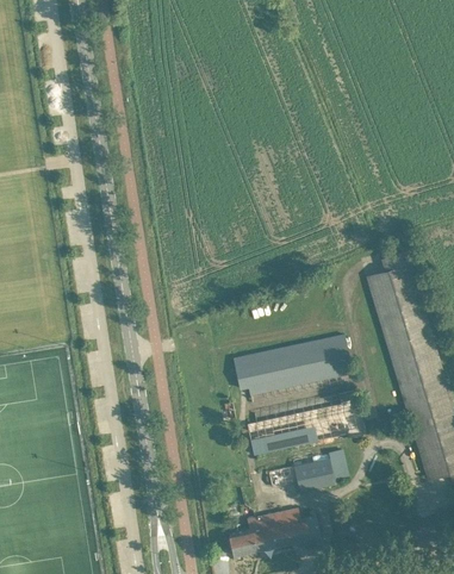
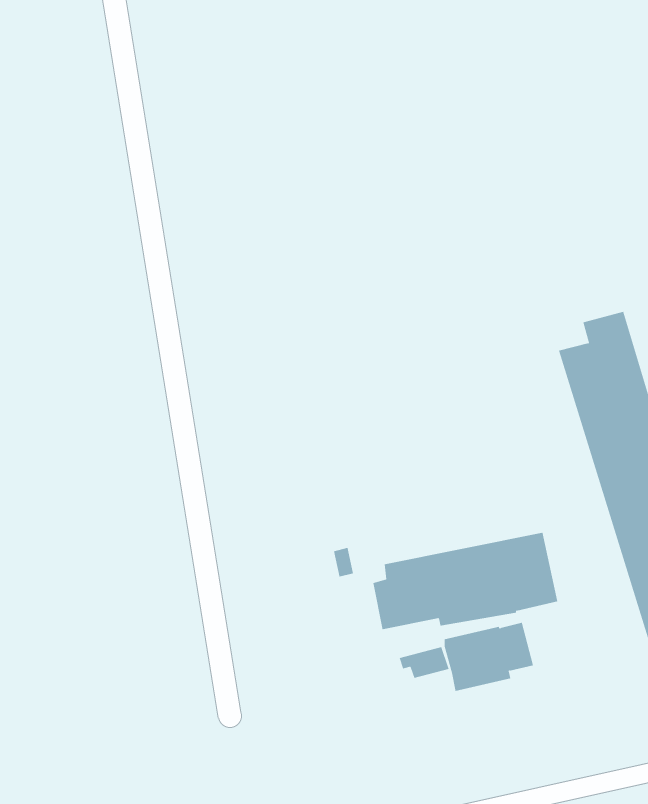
building: [232,336,353,404] -> none
building: [228,507,319,556] -> none

